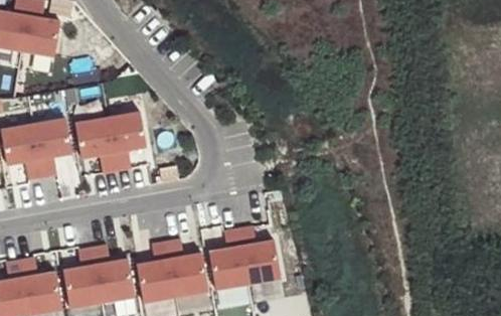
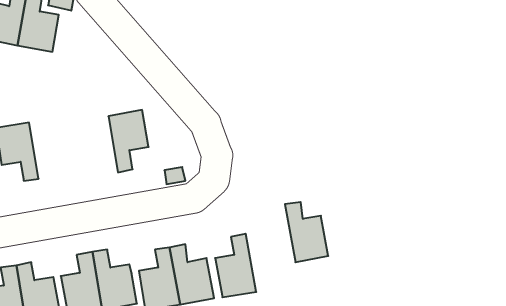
building: [31,118,70,177] -> none
building: [73,118,116,173] -> none
building: [237,227,279,285] -> [285,202,328,262]

